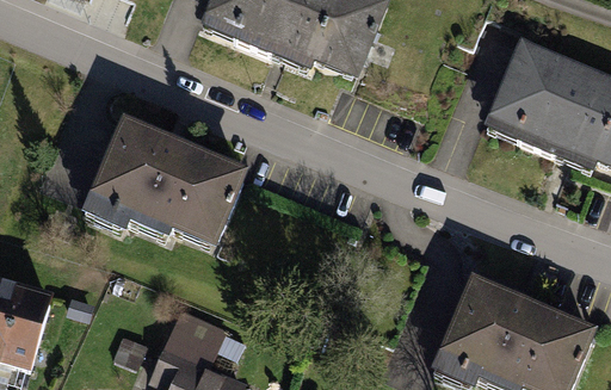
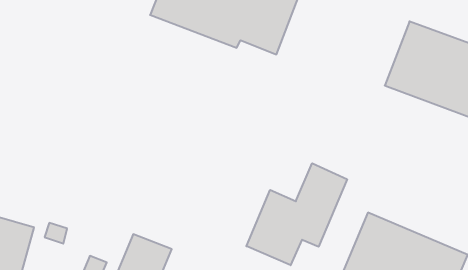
building: [80,119,248,253] -> none
building: none -> [246,163,347,265]

